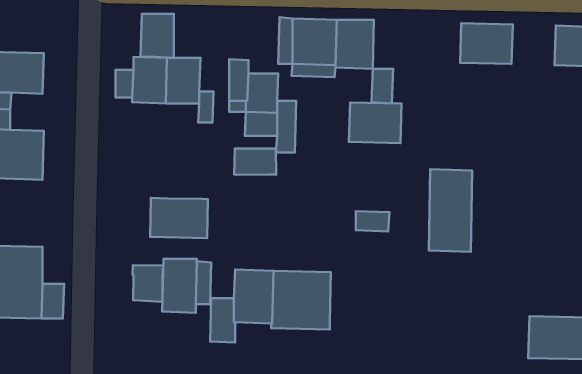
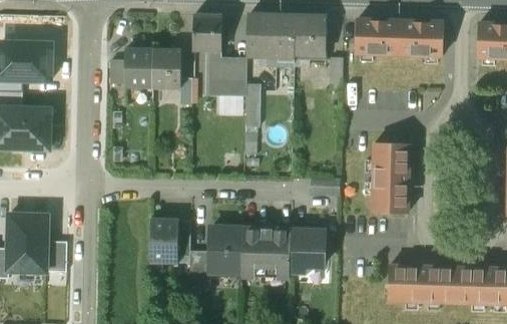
building: [140,14,174,58] -> [192,14,220,51]
building: [349,102,402,143] -> [355,19,399,53]
building: [234,149,276,175] -> none
building: [150,198,208,238] -> none
building: [132,265,163,302] -> none
building: none -> [289,229,323,272]
building: none -> [388,264,456,301]

